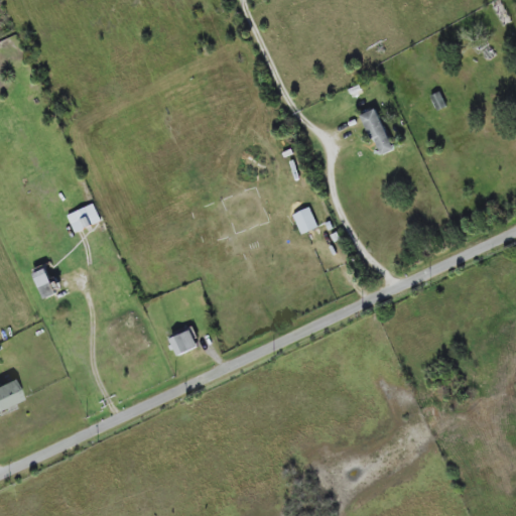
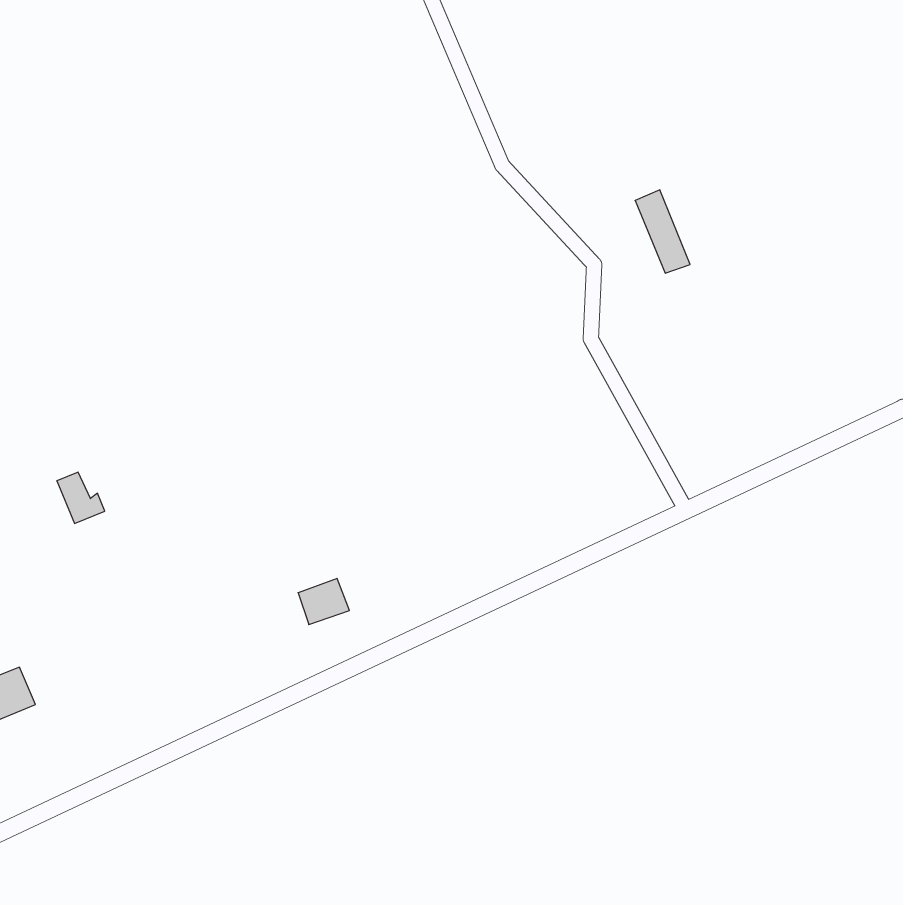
building: [67,204,100,232] -> none
building: [291,207,316,234] -> none

